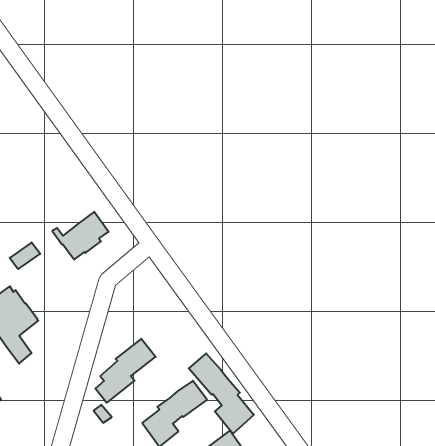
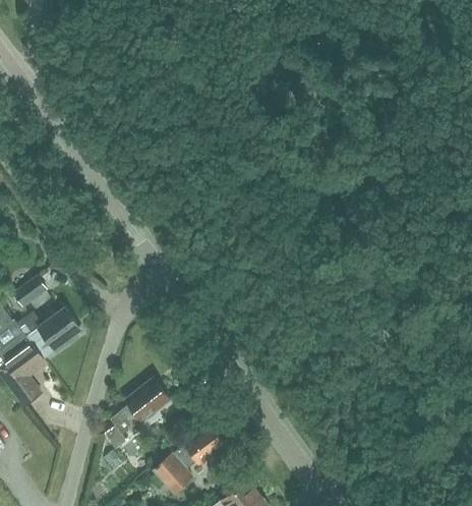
building: [52,212,109,260] -> [20,307,80,358]
building: [189,353,254,434] -> none

